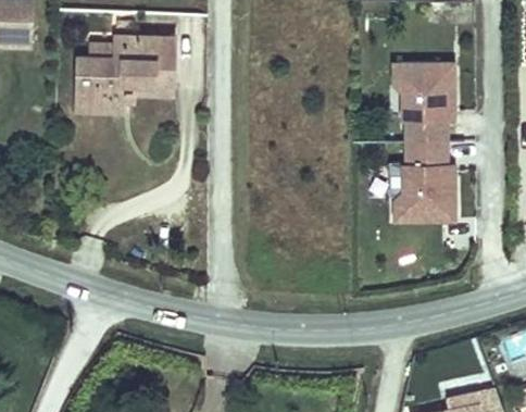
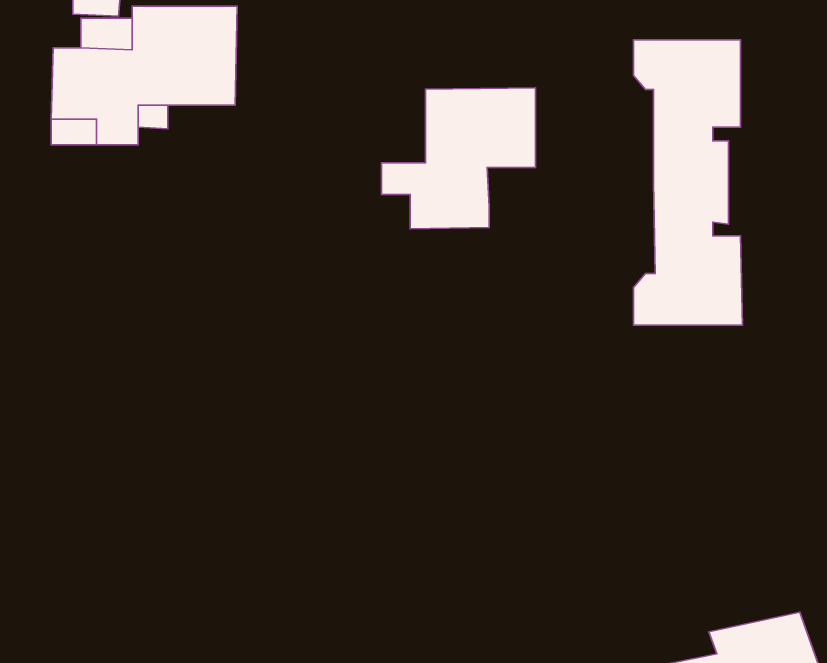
building: none -> [381,88,536,229]

